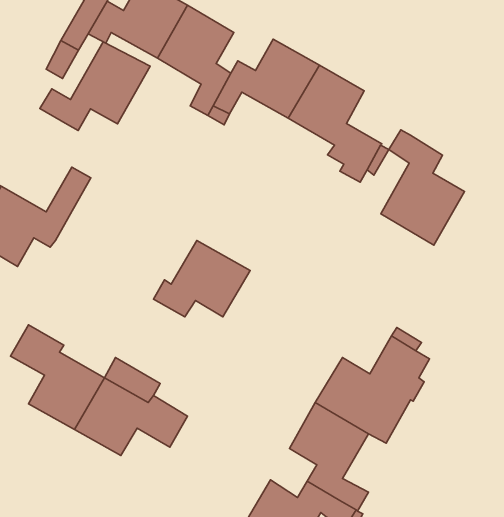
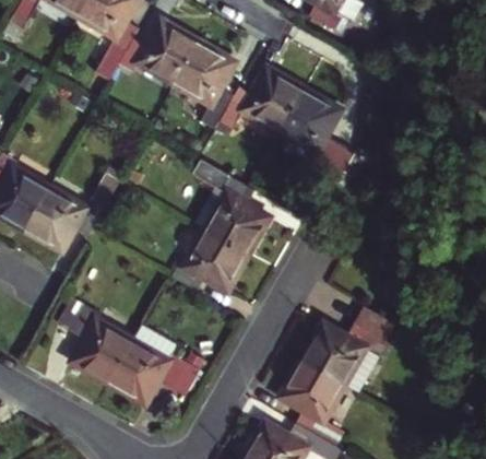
building: [40,42,150,131] -> none
building: [381,130,464,245] -> none
building: none -> [192,158,269,254]

